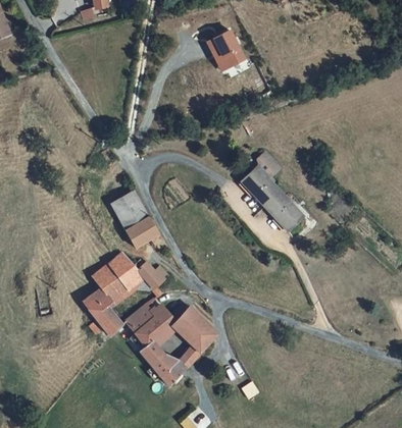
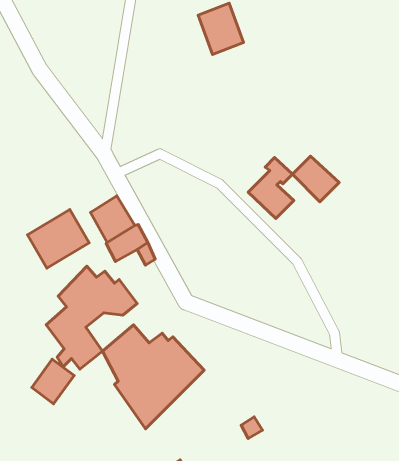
building: [271,195,311,233] -> [292,156,339,202]
building: none -> [28,210,89,268]
building: none -> [32,359,74,404]

